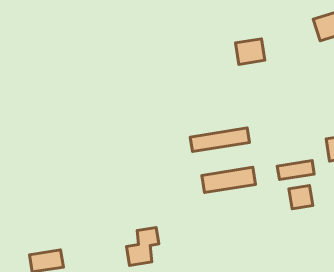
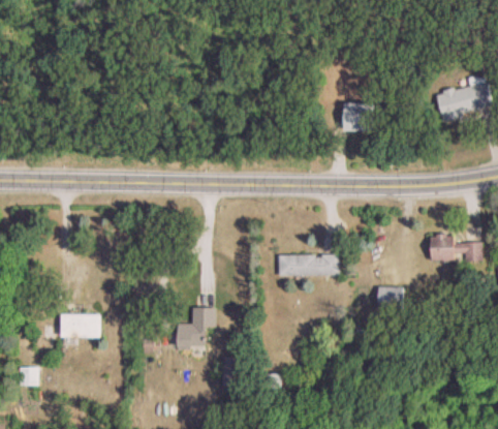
building: [190,128,250,151] -> none
building: [277,160,314,180] -> none

